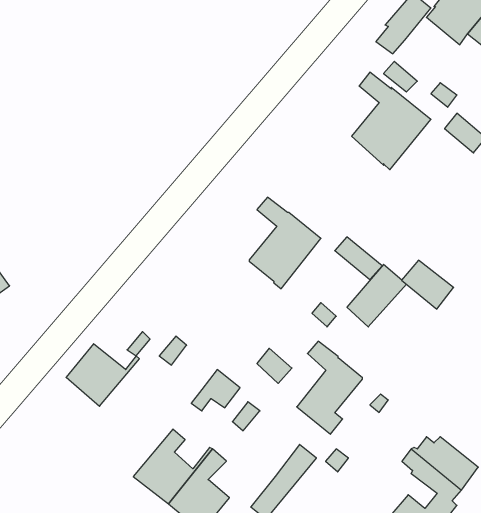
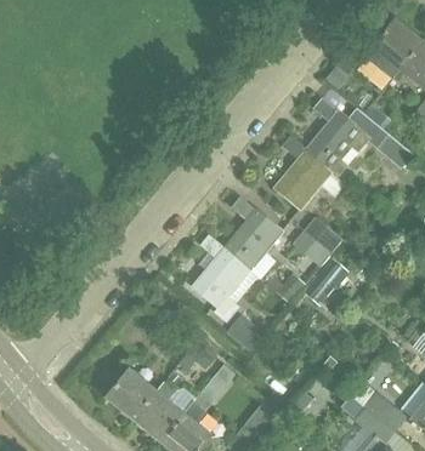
building: none -> [273,136,332,210]
building: [402,260,454,309] -> [302,213,344,252]
building: [297,341,362,434] -> [192,235,244,309]
building: [66,344,139,406] -> [106,370,164,419]

